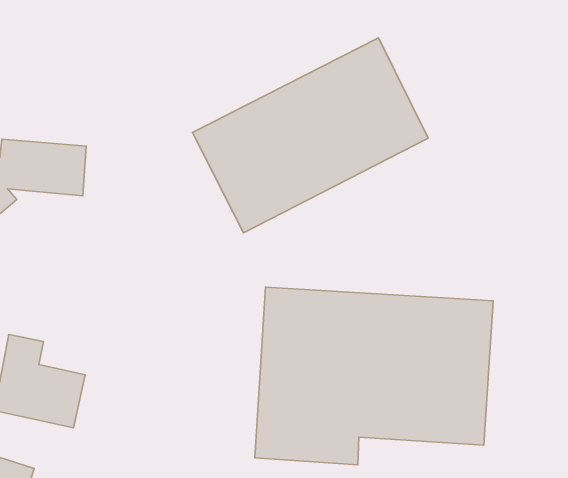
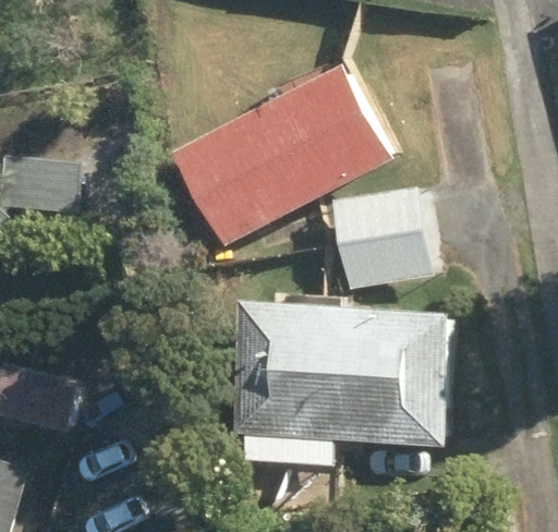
building: none -> [339,186,439,287]

